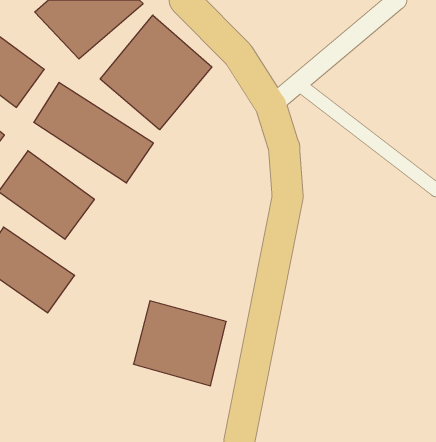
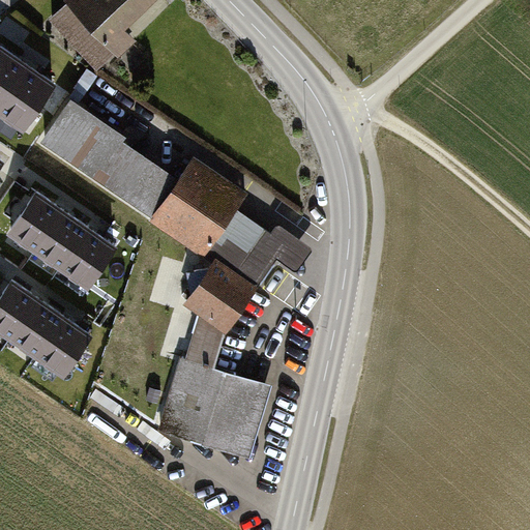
building: [100,15,212,130] -> none
building: none -> [147,158,312,366]

